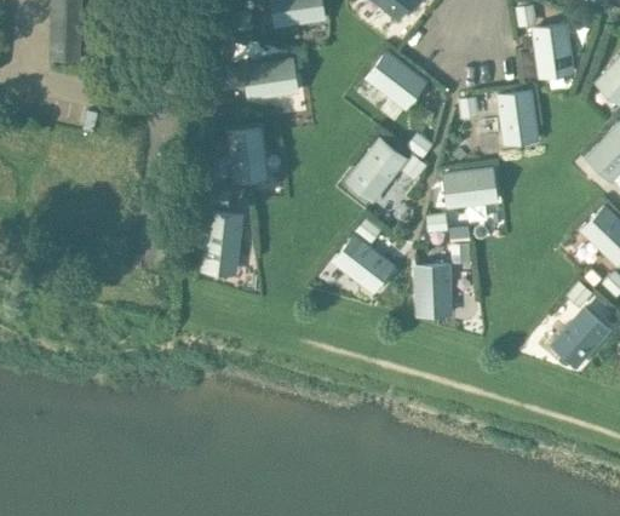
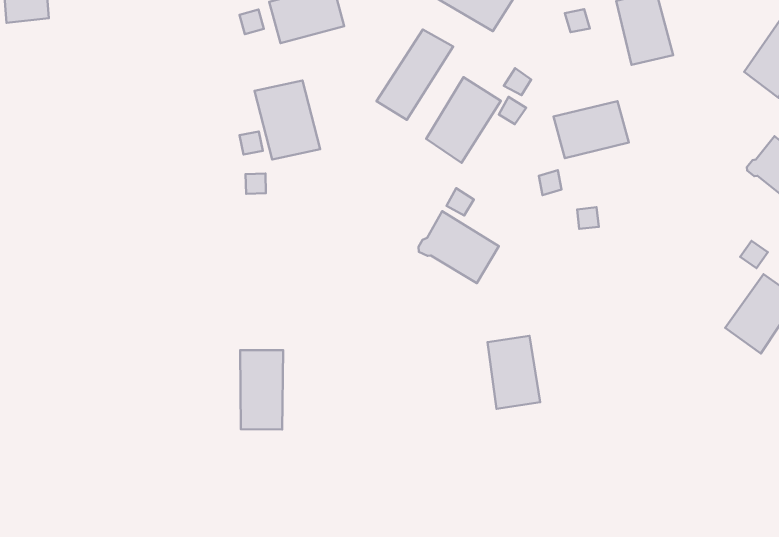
building: none -> [377,29,453,120]
building: [203,213,241,275] -> [240,350,283,430]
building: [417,265,450,316] -> [487,336,540,409]

